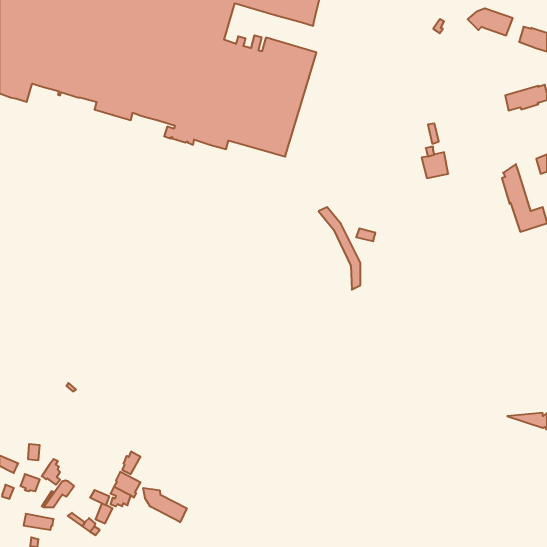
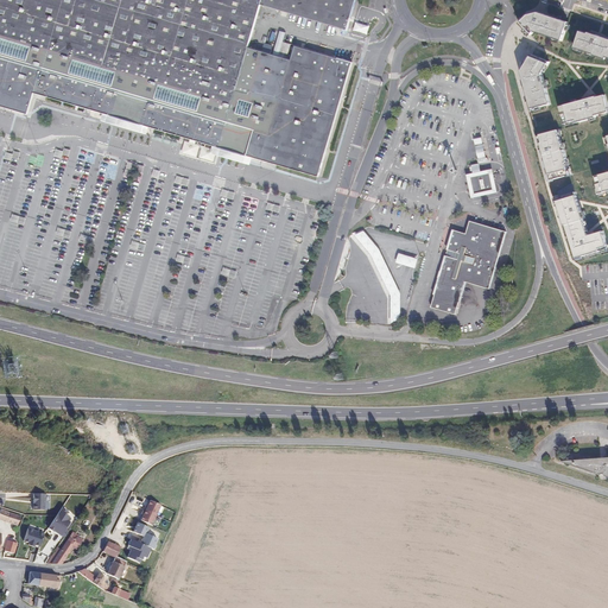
building: none -> [521,53,550,108]
building: none -> [540,128,568,179]
building: none -> [430,220,505,314]
building: [143,488,187,522] -> none

